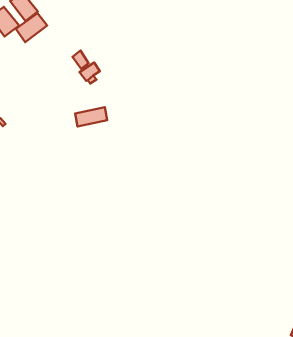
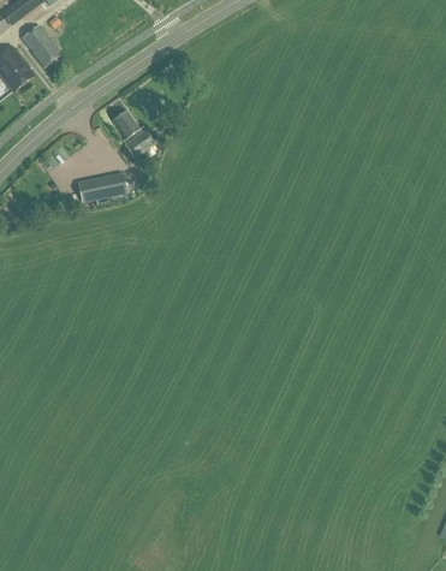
building: [16,13,47,42] -> none
building: [75,107,107,127] -> [78,172,126,201]

